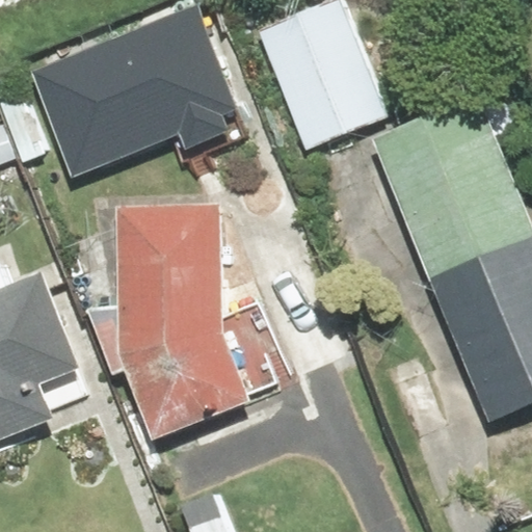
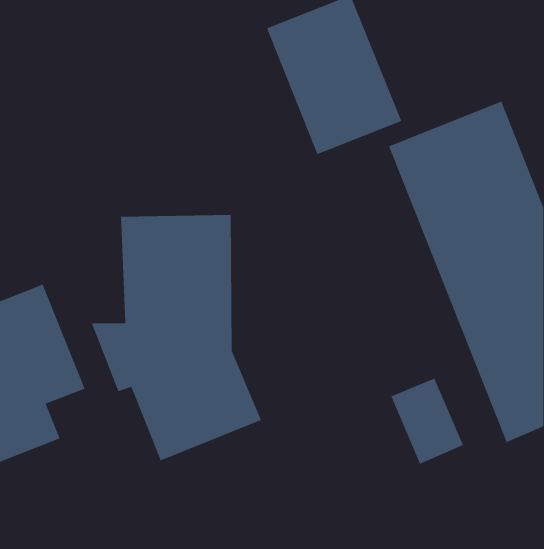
building: [38,4,239,164] -> none

